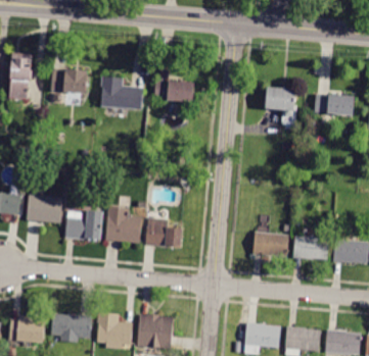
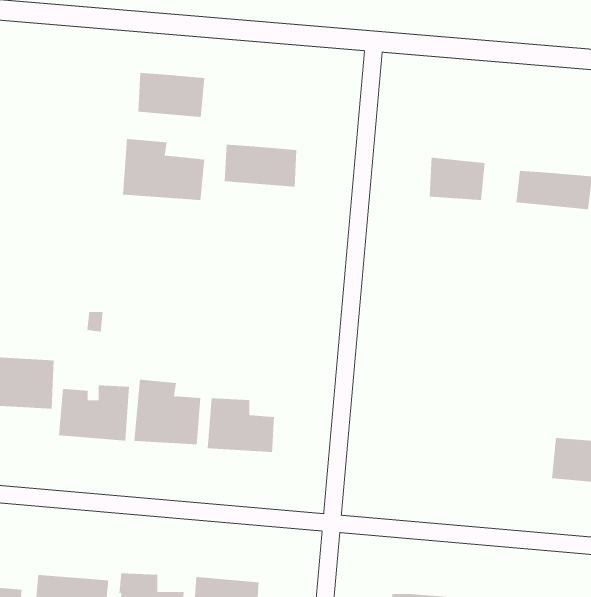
building: [51,69,88,94] -> [138,72,205,117]
building: [251,232,288,258] -> none
building: [292,235,329,260] -> none

